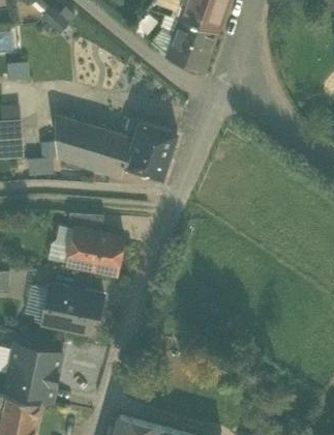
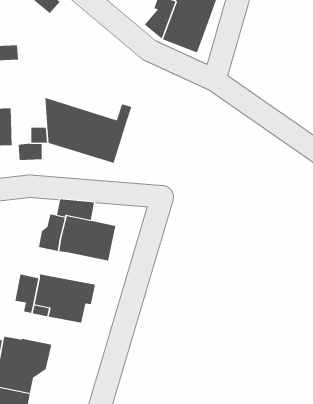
building: [127,123,178,177] -> none

